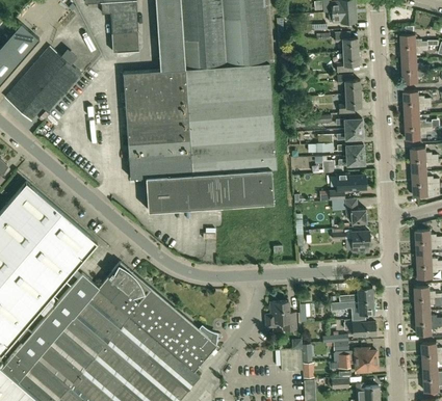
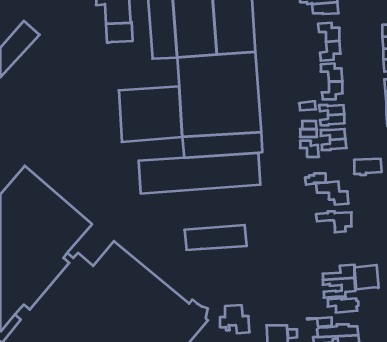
building: [5,48,81,121] -> none
building: [123,70,188,104] -> none
building: [128,153,193,179] -> [184,225,247,250]
building: [336,176,365,192] -> [354,159,382,175]
building: none -> [355,265,378,289]
building: [265,302,296,331] -> [220,305,250,333]

